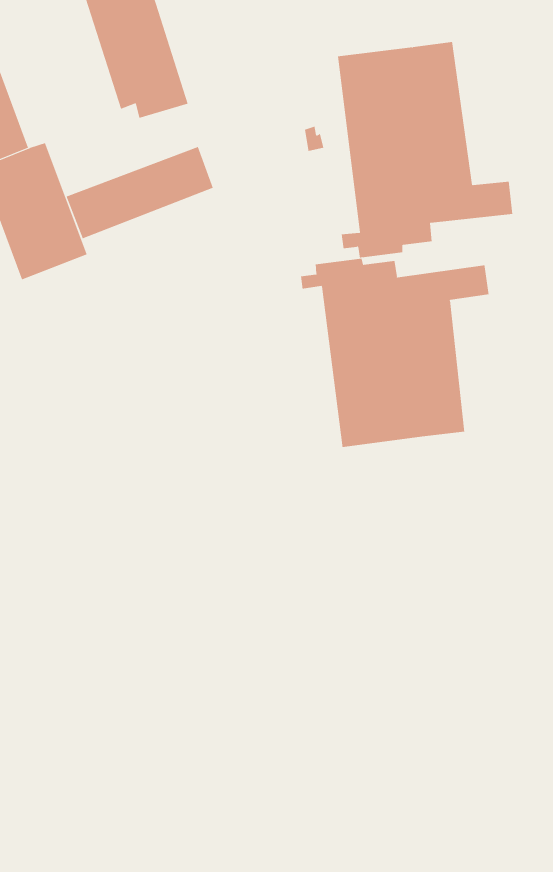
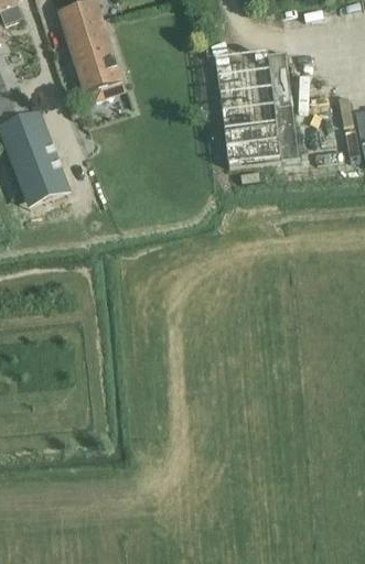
building: [66,146,214,239] -> none
building: [300,258,489,448] -> none

